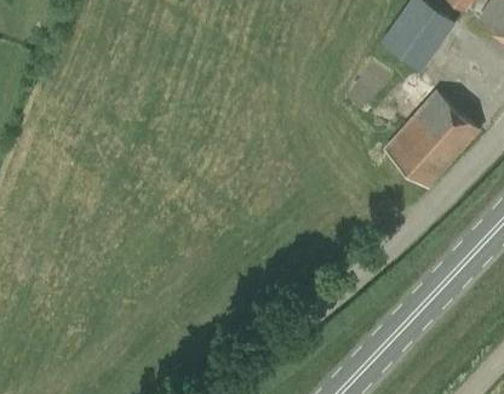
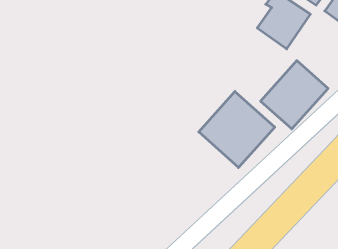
building: none -> [199,91,275,168]

